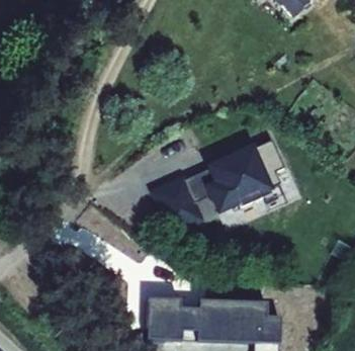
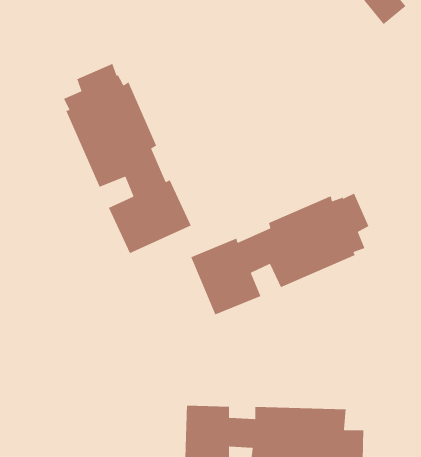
building: none -> [63,63,192,254]

